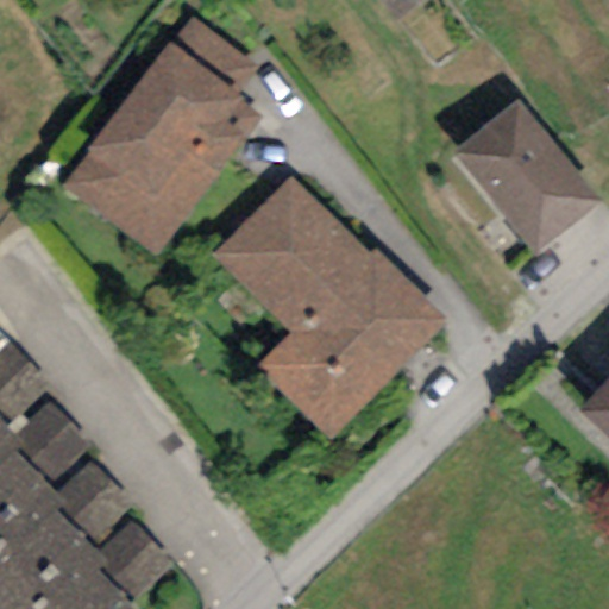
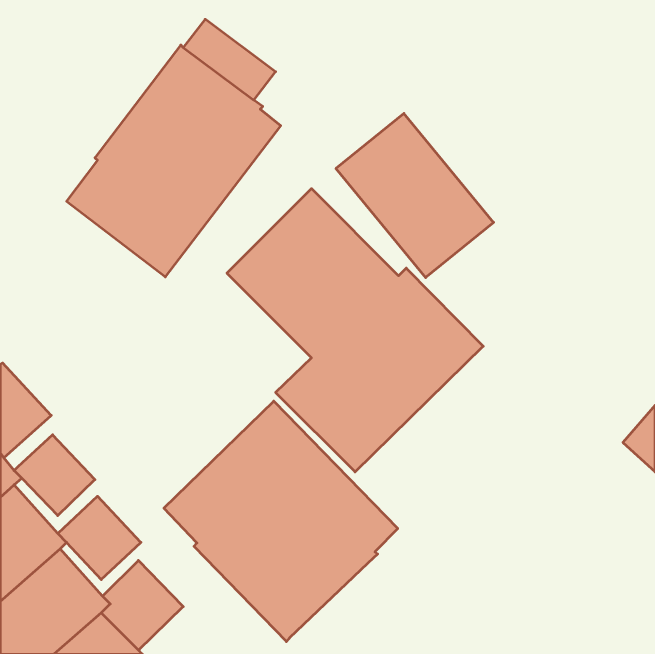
building: [452,100,598,252] -> [336,113,494,278]
building: none -> [164,401,398,642]

